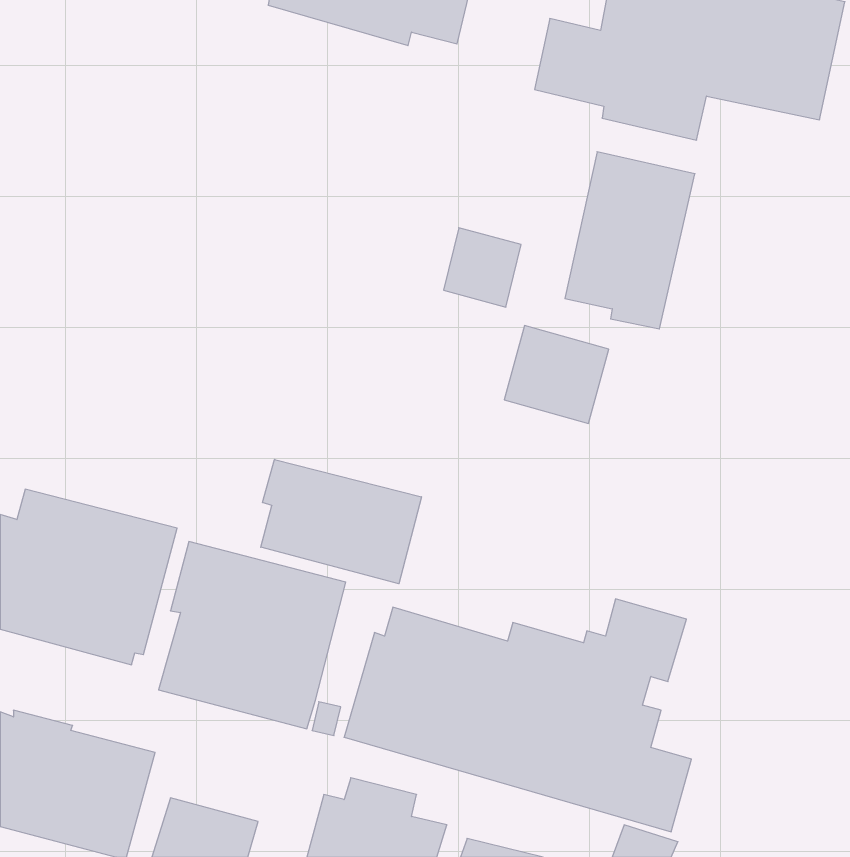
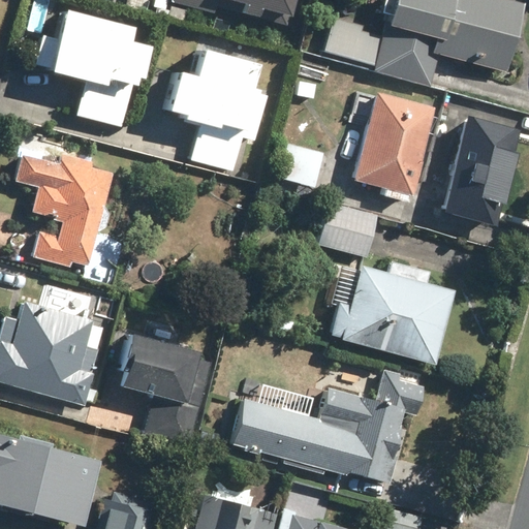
building: none -> [33,10,146,128]
building: none -> [163,49,267,169]
building: none -> [438,115,523,229]
building: none -> [15,152,113,270]
building: none -> [324,258,457,367]
building: [261,459,421,584] -> none

